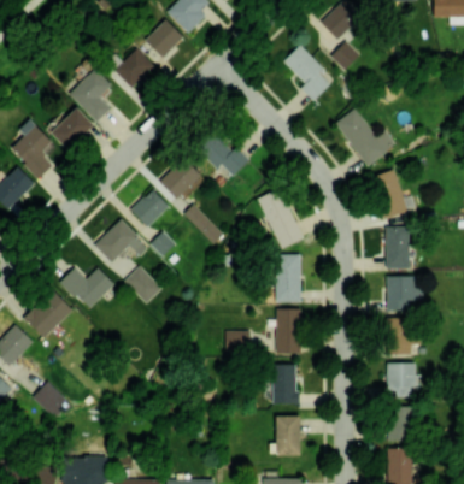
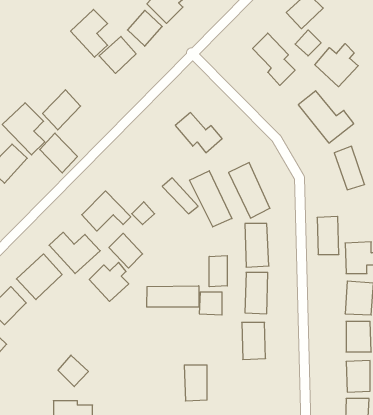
building: none -> [315,44,358,87]
building: [70,70,111,123] -> [71,9,108,57]
building: none -> [40,133,77,173]
building: [159,159,200,200] -> none
building: [130,190,169,228] -> none
building: none -> [190,171,232,227]
building: [386,226,410,268] -> [317,216,339,254]
building: none -> [209,256,227,287]
building: none -> [89,262,129,301]
building: none -> [147,286,199,307]
building: [33,382,66,417] -> [58,355,88,387]
building: [275,417,300,456] -> [184,365,207,401]

